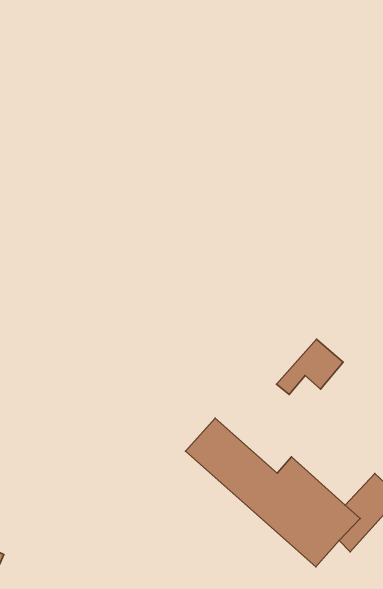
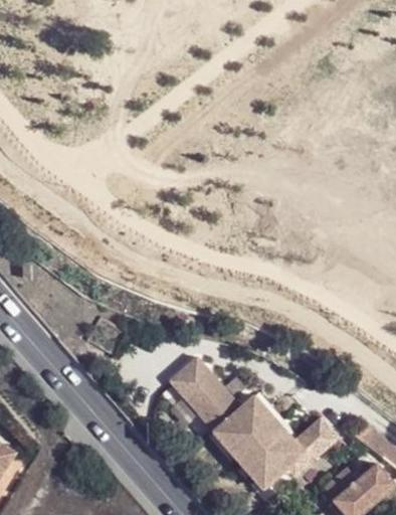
building: [277,339,343,394] -> none

